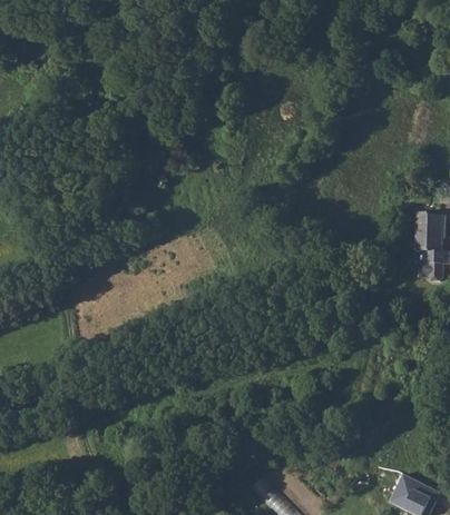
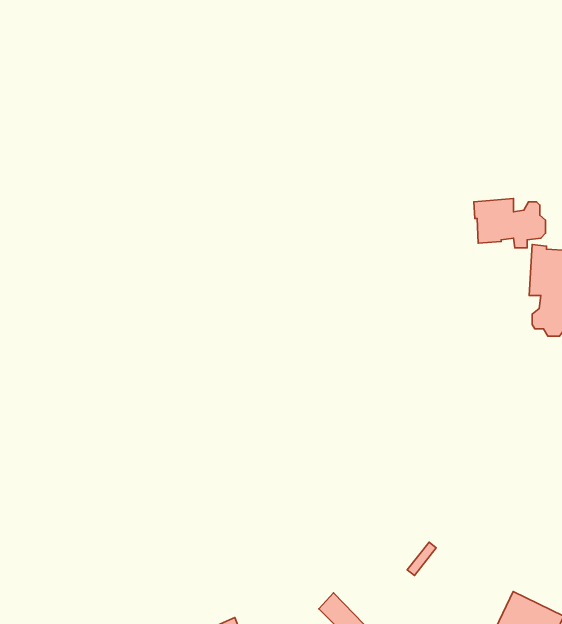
building: none -> [474,199,546,248]

